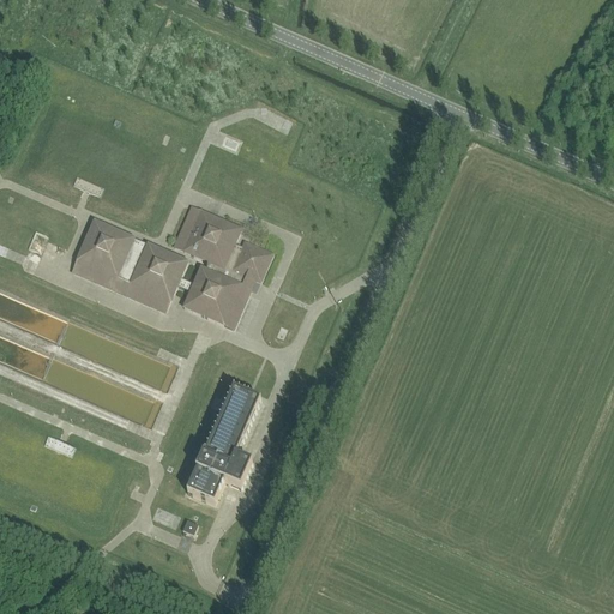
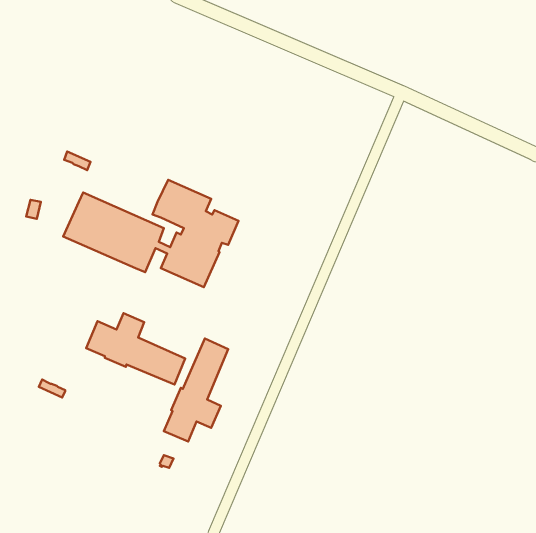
building: none -> [86,313,185,385]

